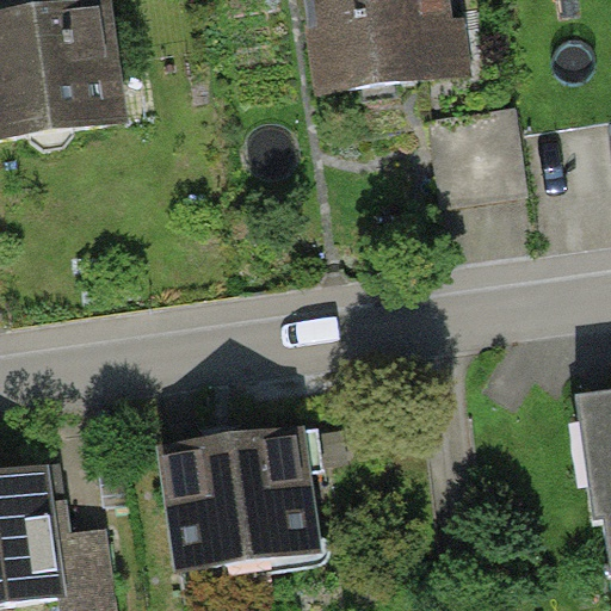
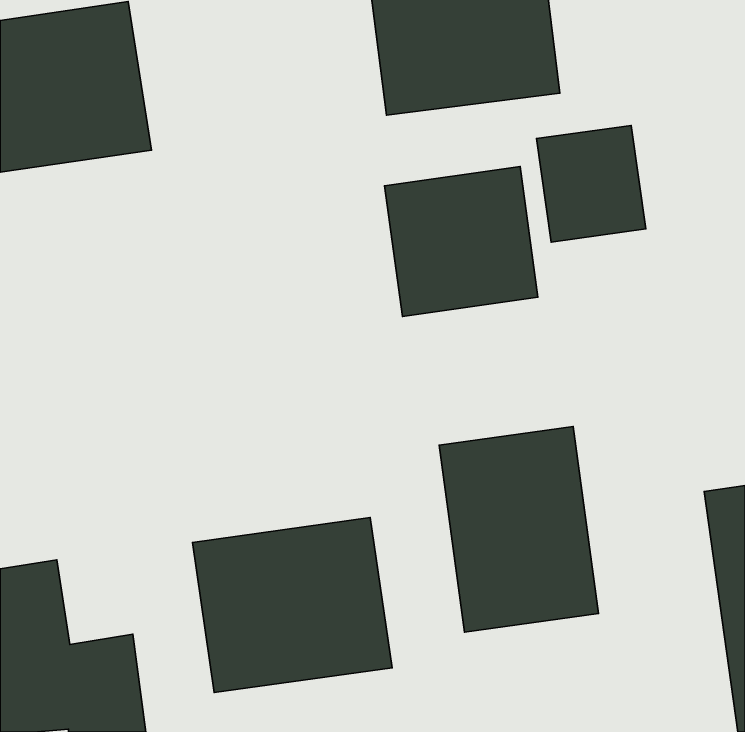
building: none -> [385,167,538,316]
building: none -> [439,426,598,632]

